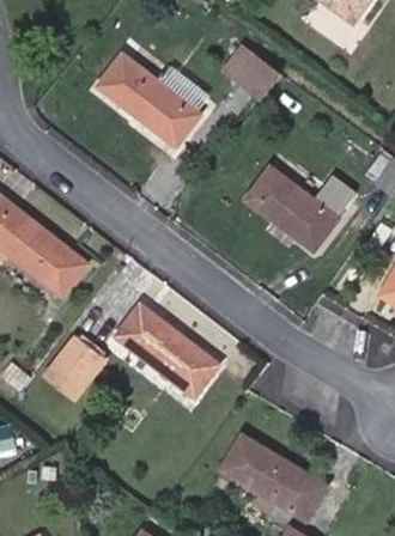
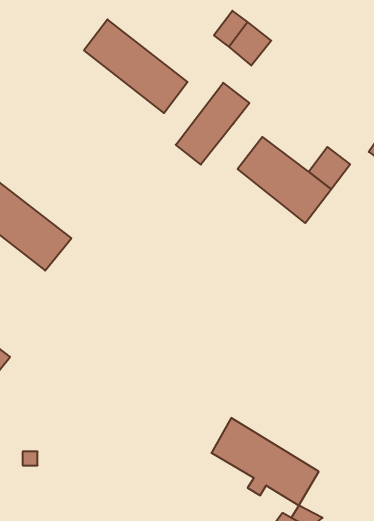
building: none -> [176,83,249,165]
building: [117,305,218,395] -> none
building: [44,335,105,398] -> none

